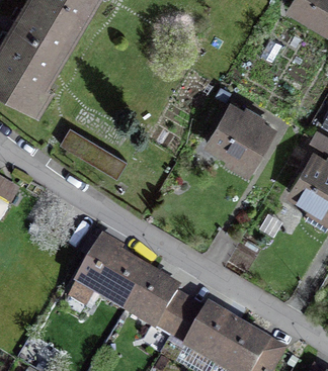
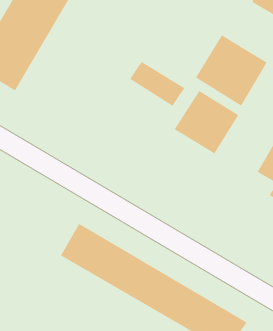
building: none -> [195,34,267,106]
building: [68,130,129,180] -> [129,61,185,107]

